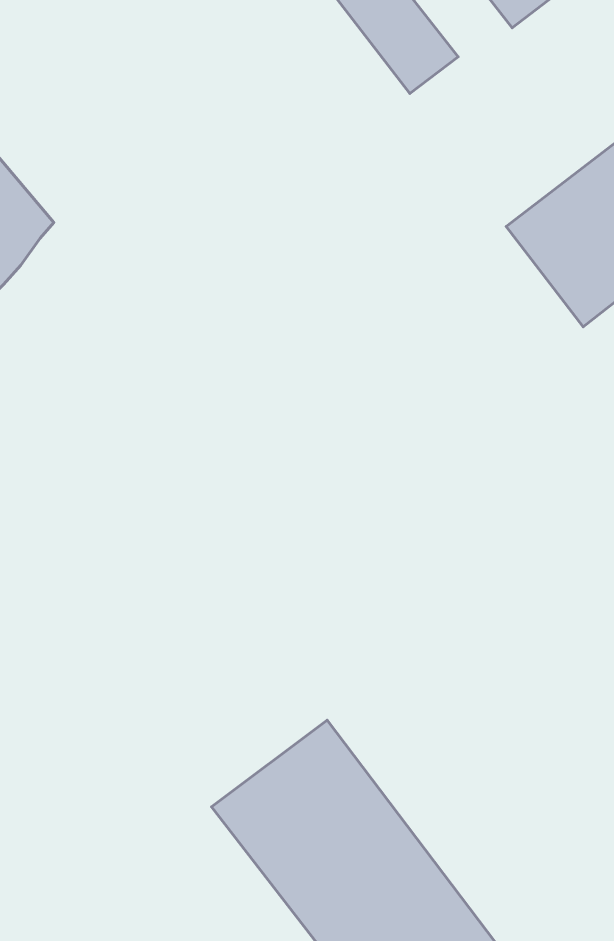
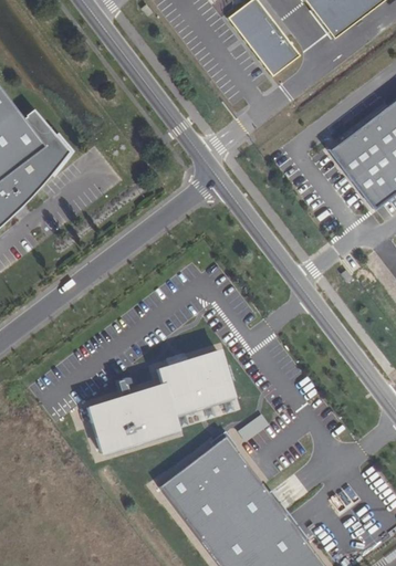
building: none -> [87,350,232,452]

